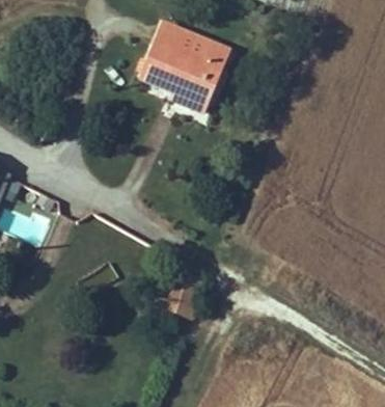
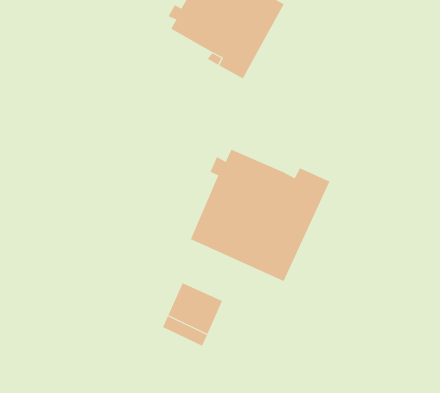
building: none -> [190,149,330,282]

